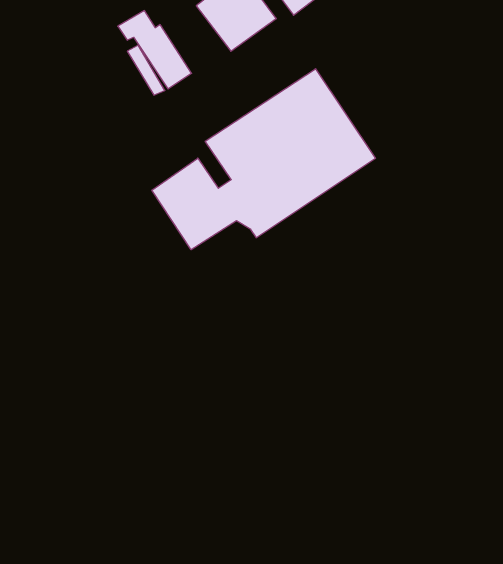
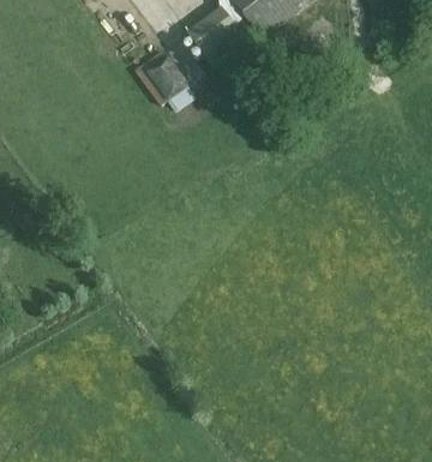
building: [152,69,375,250] -> none

